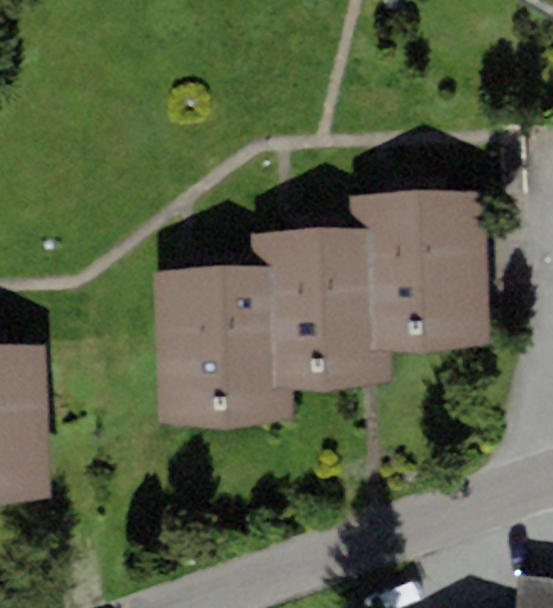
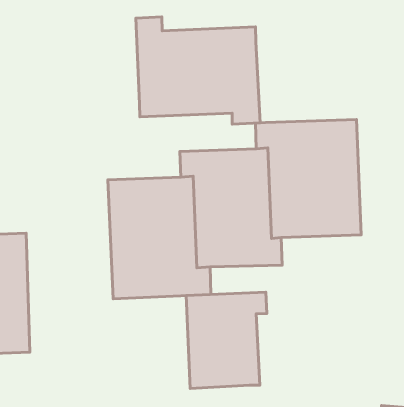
building: none -> [136,17,260,124]
building: none -> [186,292,267,388]

